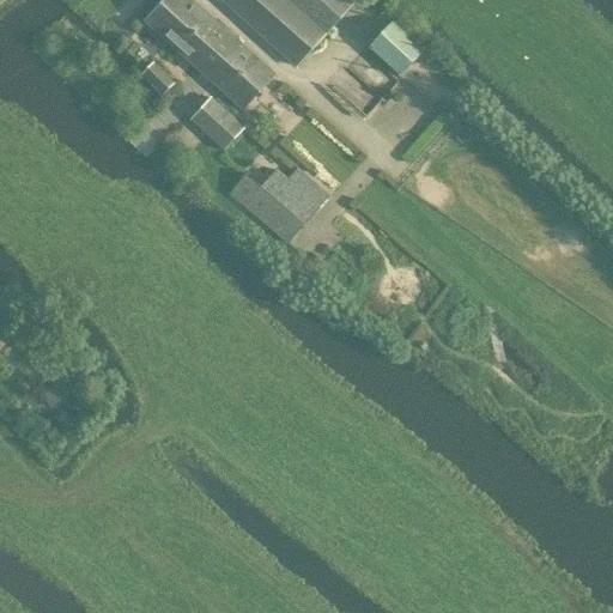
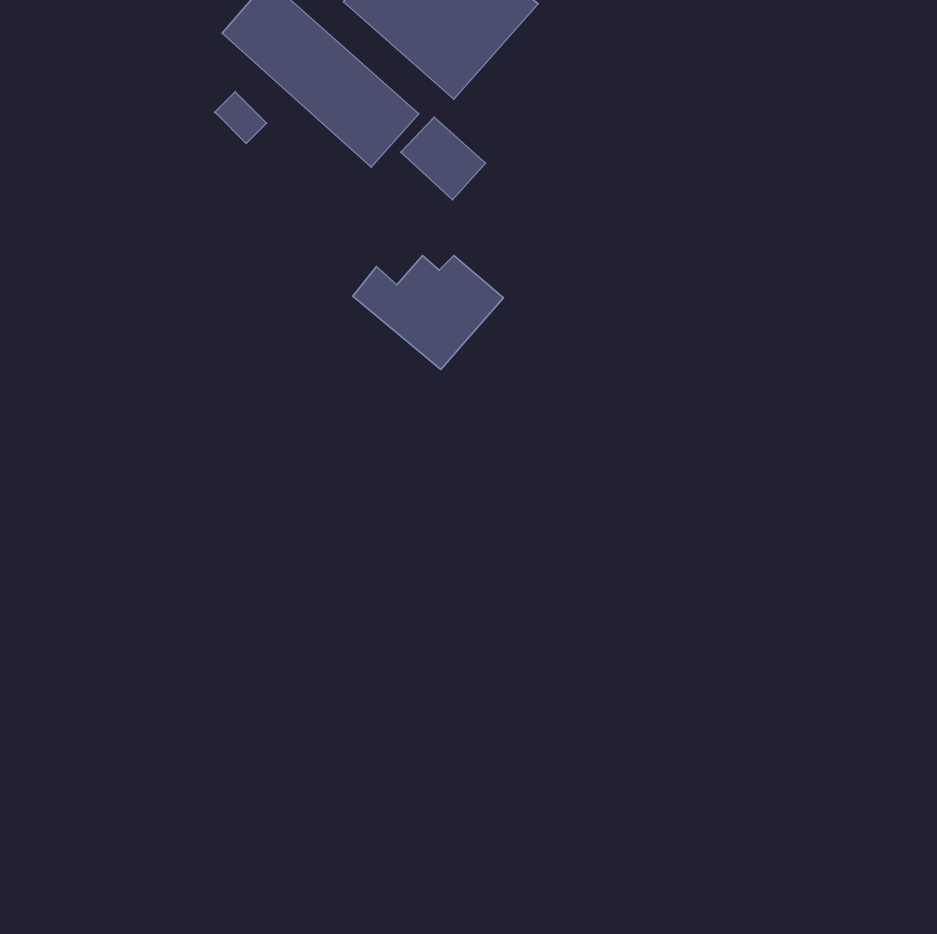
building: [368,18,424,74] -> none
building: [189,95,244,148] -> [401,117,485,200]

